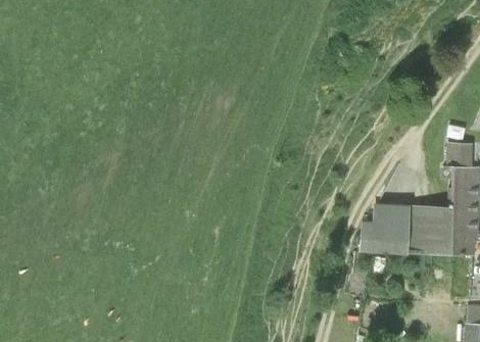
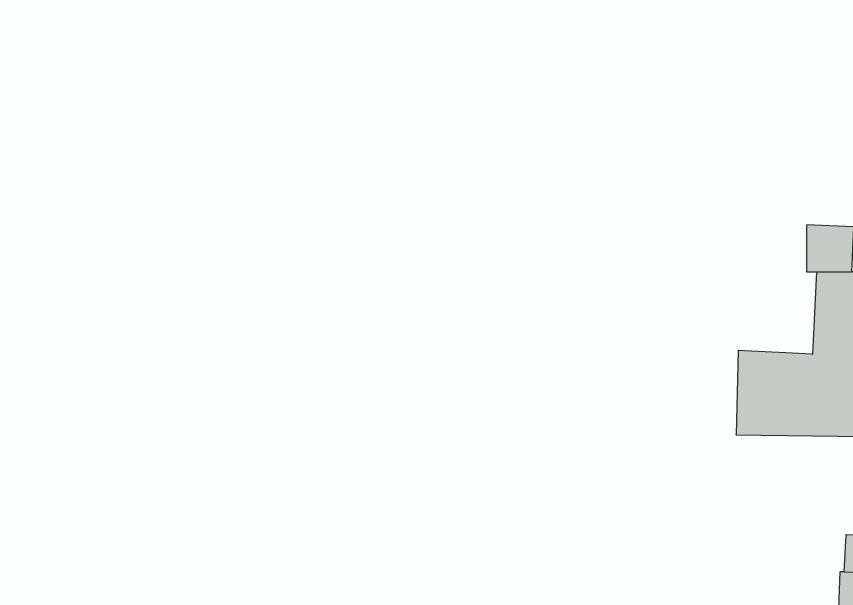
building: [362,207,413,252] -> none

